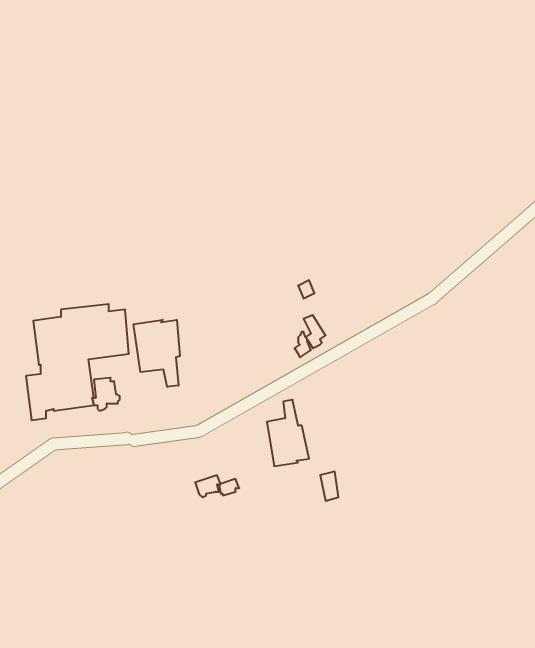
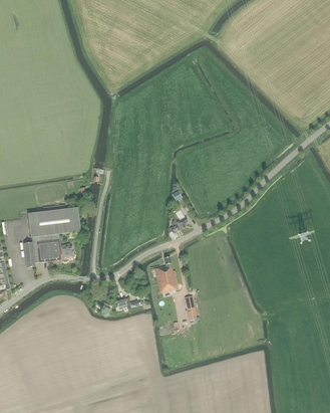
building: [133,320,180,387] -> none

